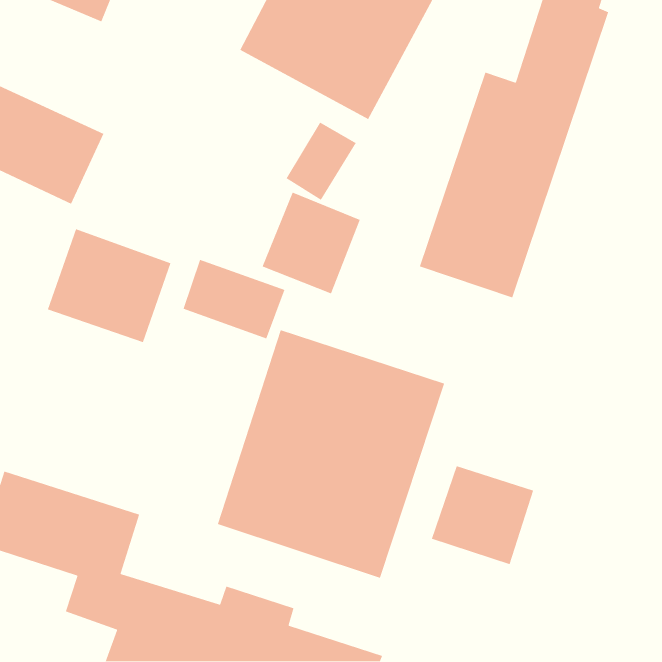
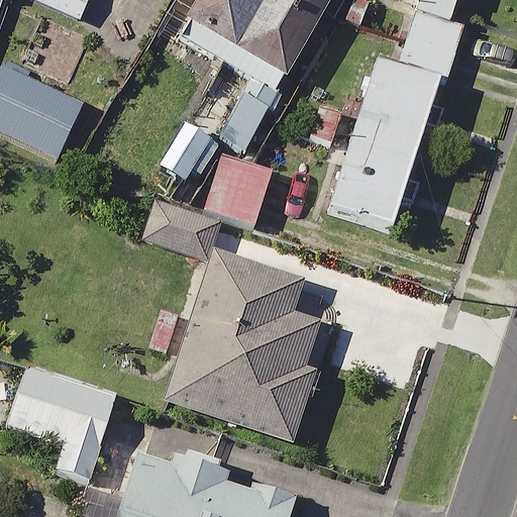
building: [47,228,171,343] -> none
building: [431,465,534,565] -> none

